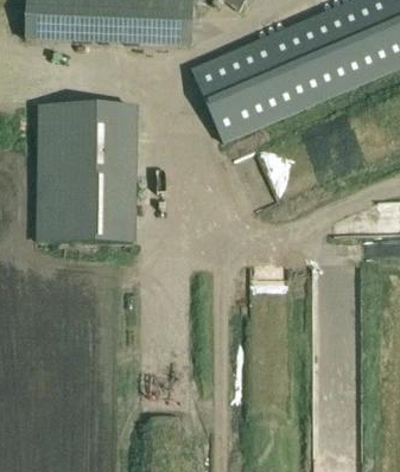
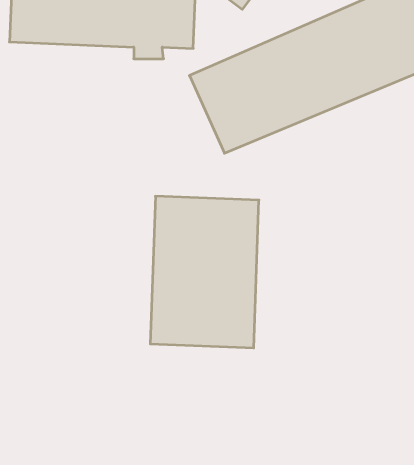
building: [40,102,140,241] -> [150,196,259,348]

